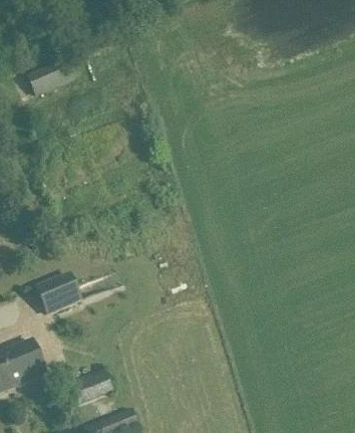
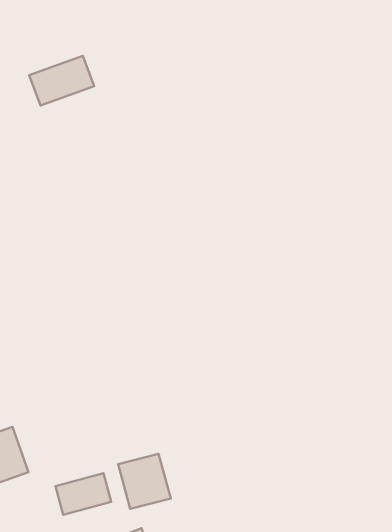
building: [38,274,82,313] -> none
building: none -> [118,454,171,509]

